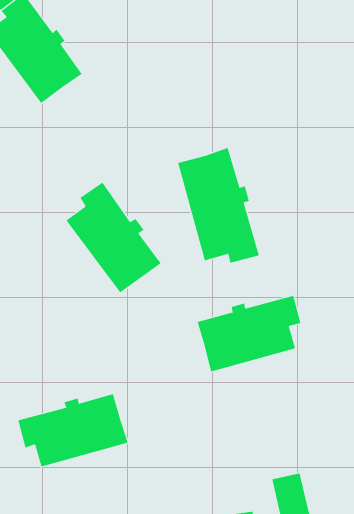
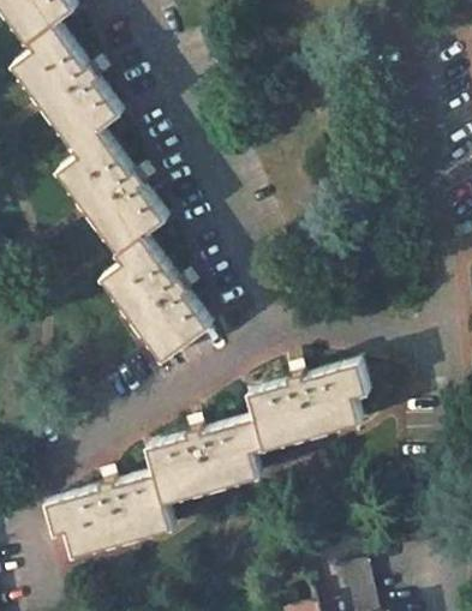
building: none -> [59,130,167,254]
building: [178,147,260,264] -> none
building: none -> [149,418,265,504]

